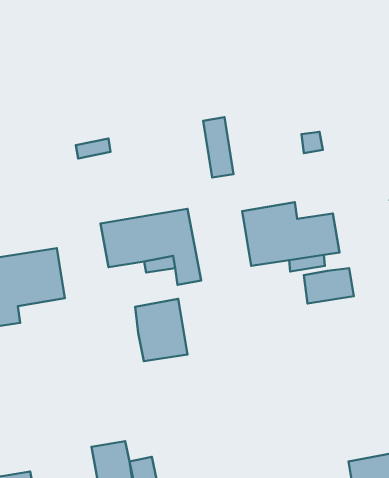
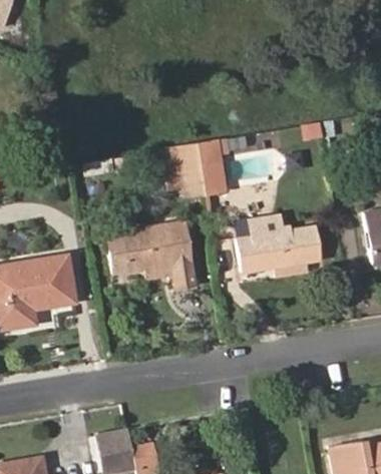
building: none -> [164,142,207,196]
building: [304,268,354,303] -> none
building: [135,299,188,361] -> none

